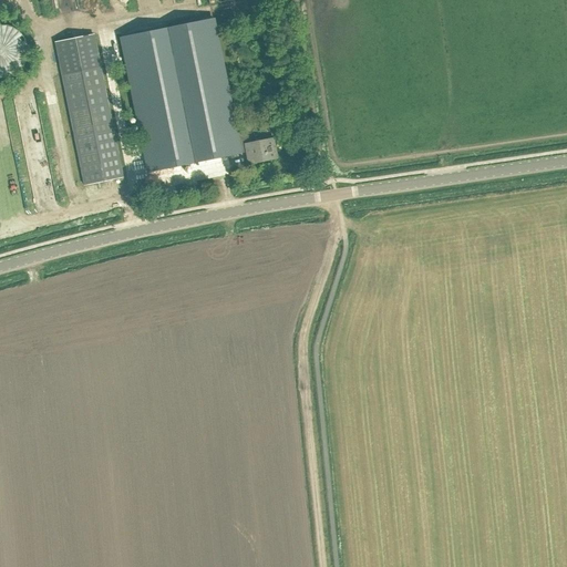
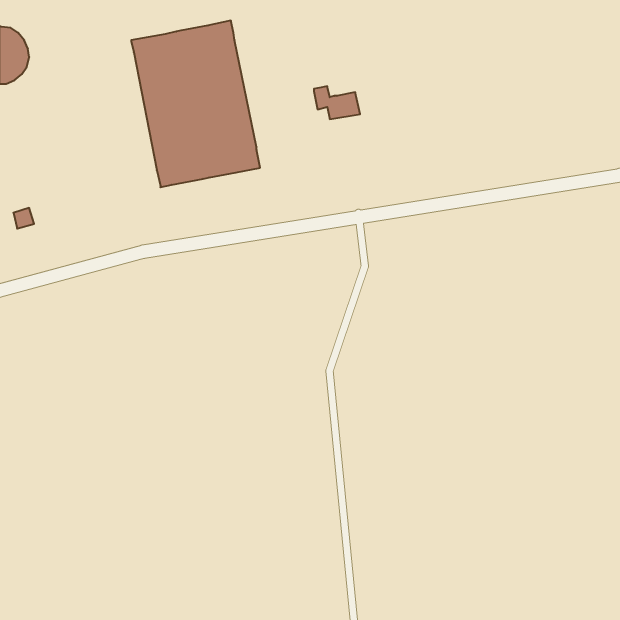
building: [55,34,122,183] -> none
building: [234,132,276,162] -> [314,86,360,119]

